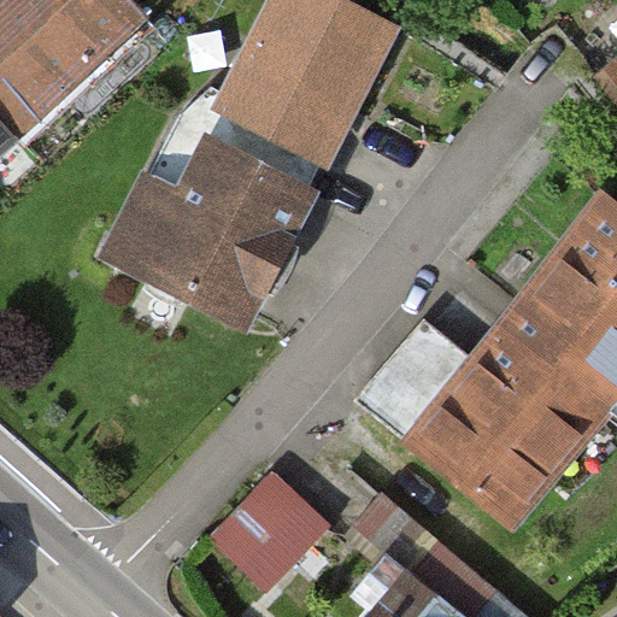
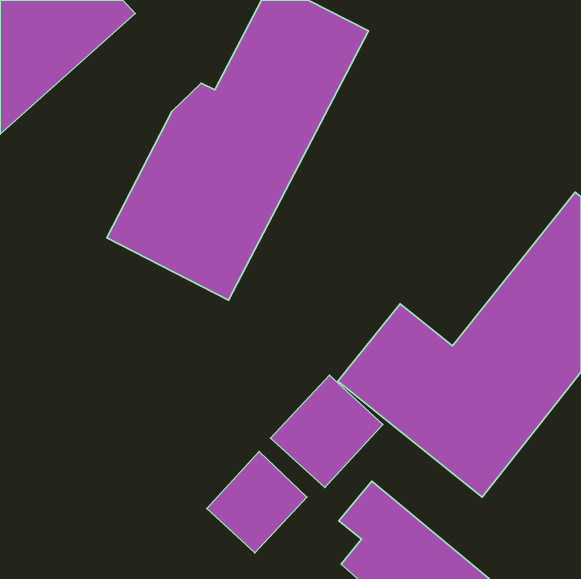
building: none -> [270,375,383,487]

